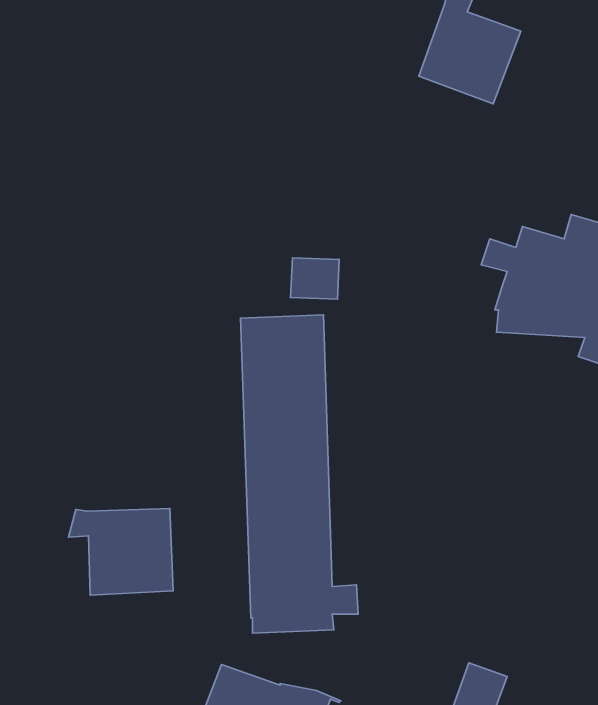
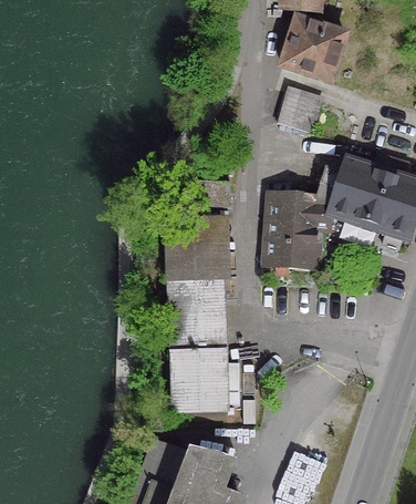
building: none -> [279,86,323,131]
building: none -> [269,195,335,267]
building: [69,509,173,595] -> none

